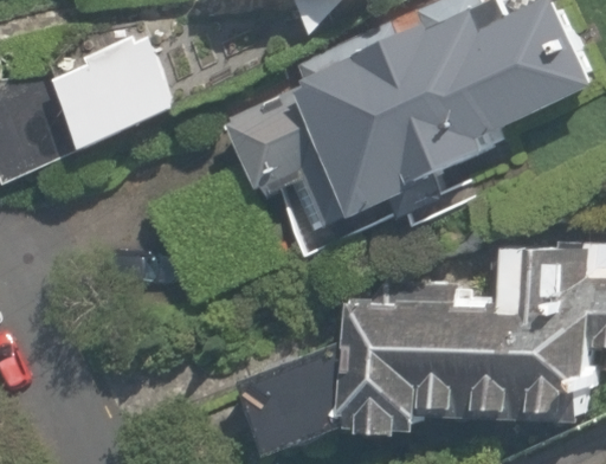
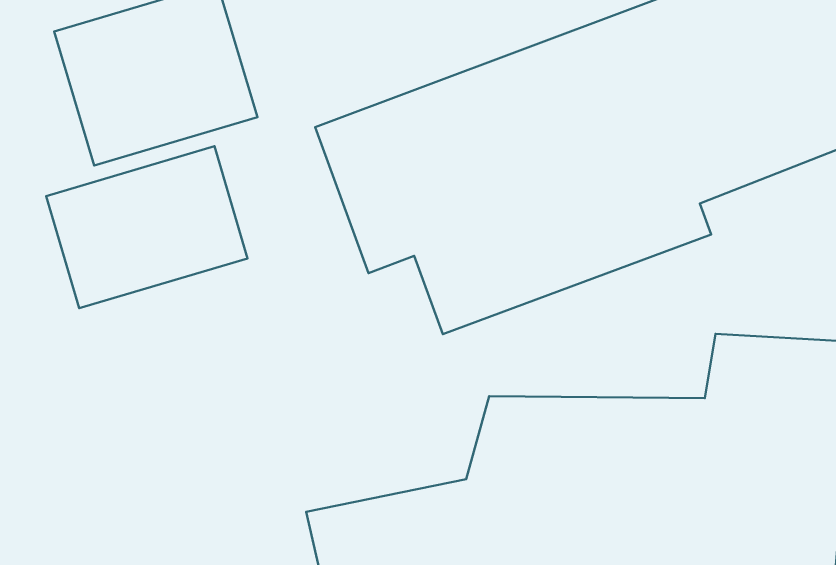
building: none -> [46,146,247,308]

